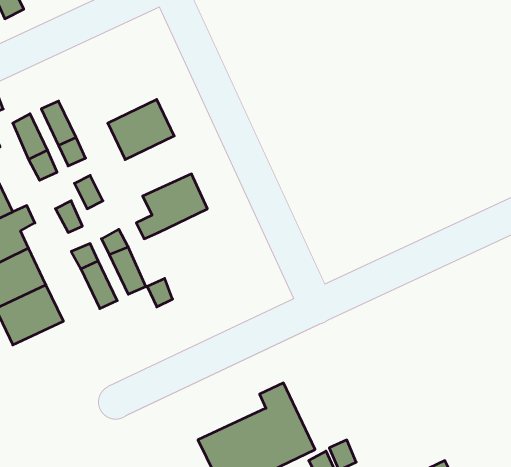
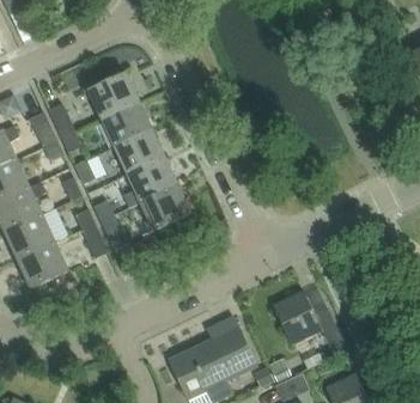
building: none -> [87,73,138,118]
building: none -> [114,128,164,173]
building: none -> [139,183,189,228]
building: none -> [273,289,343,348]

